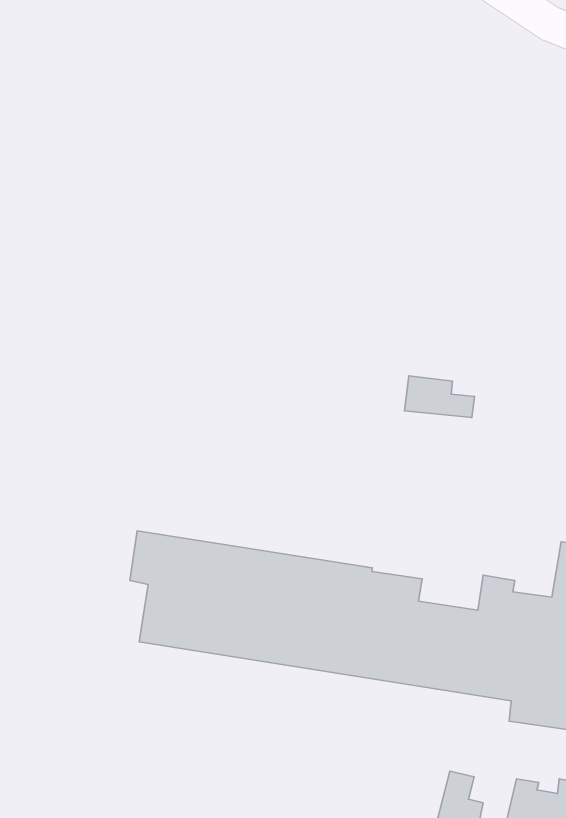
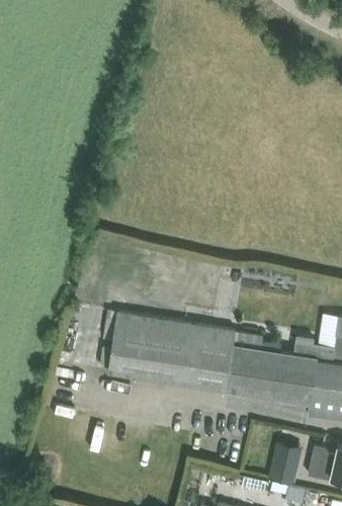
building: [404,376,474,417] -> none

